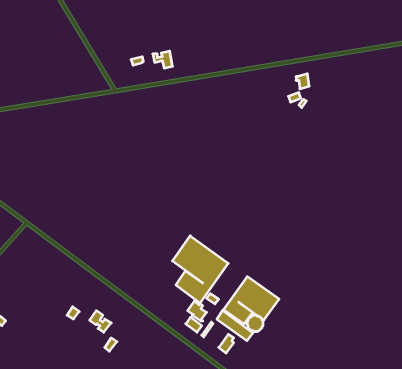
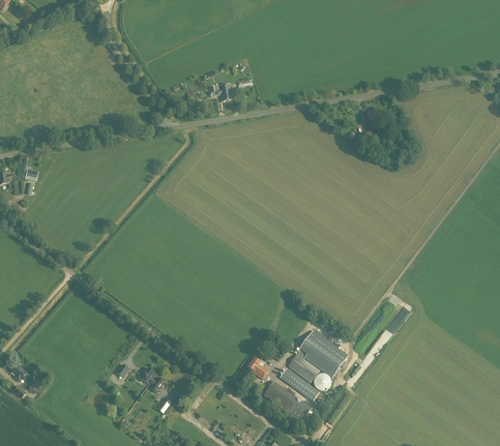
building: [172,236,228,303] -> none

